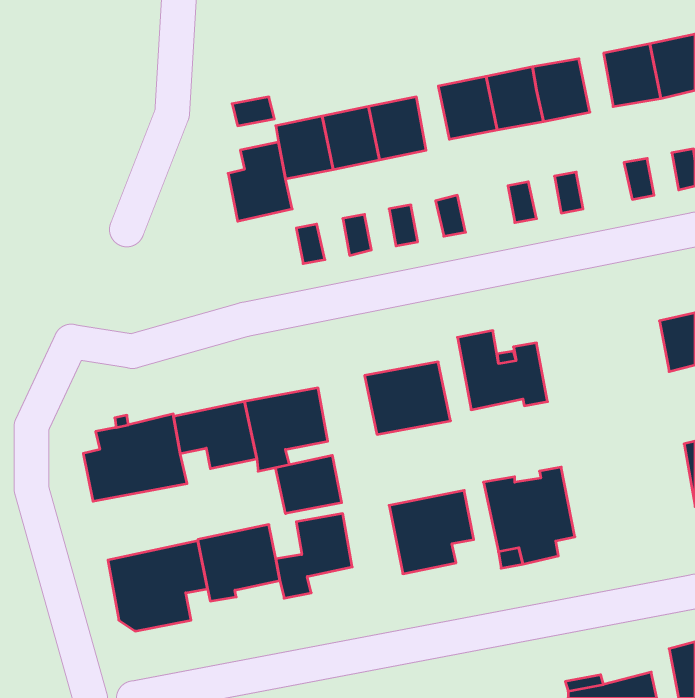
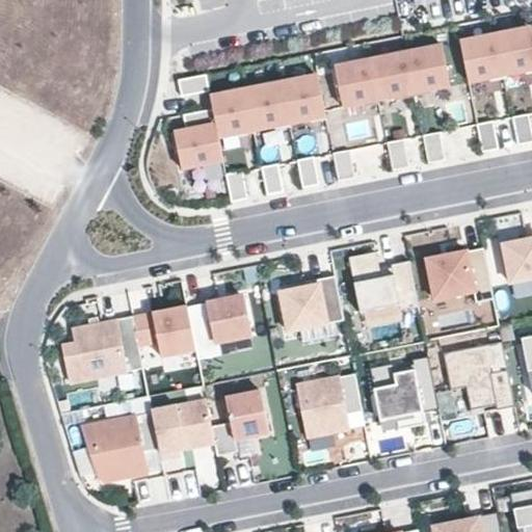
building: none -> [425,247,493,302]
building: none -> [443,341,514,409]
building: [275,455,342,514] -> none

